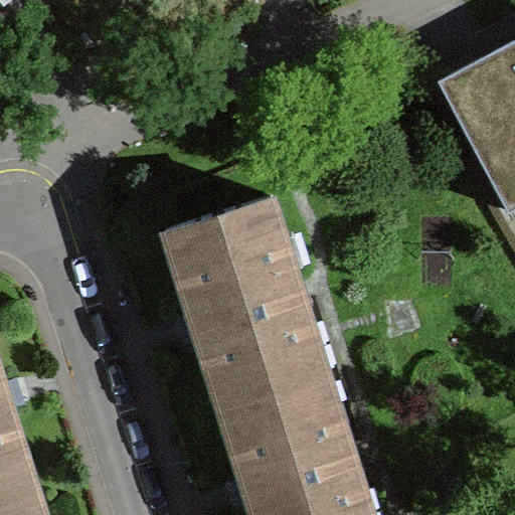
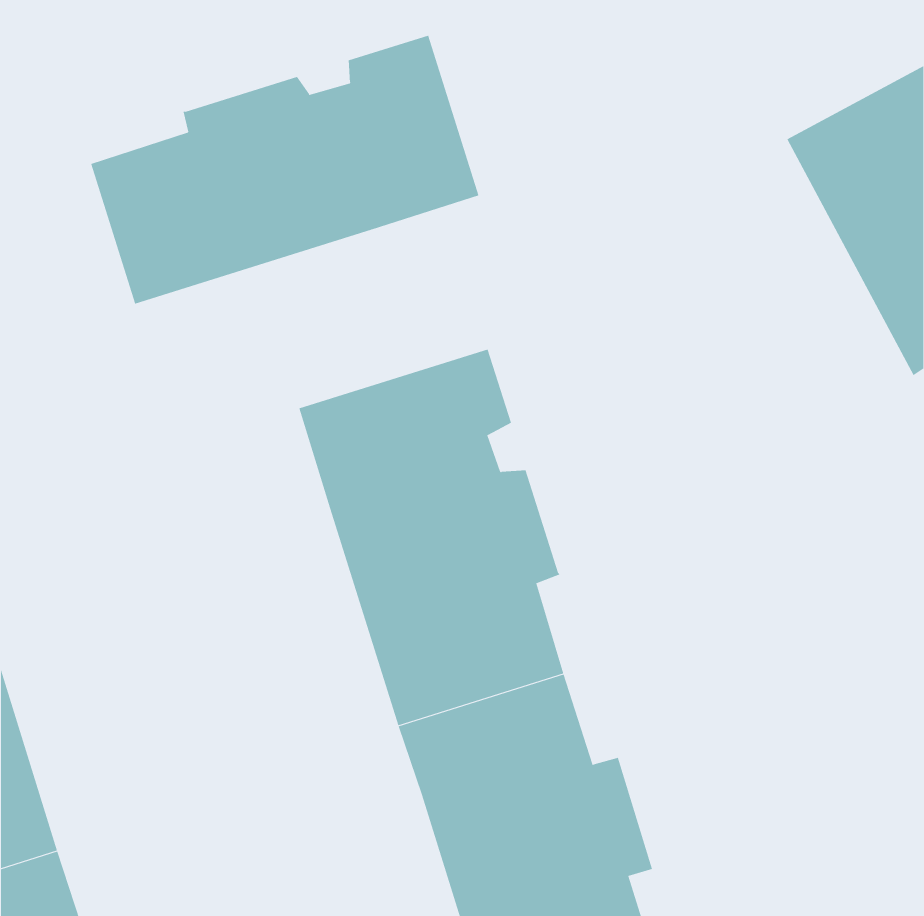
building: none -> [90,35,479,305]

